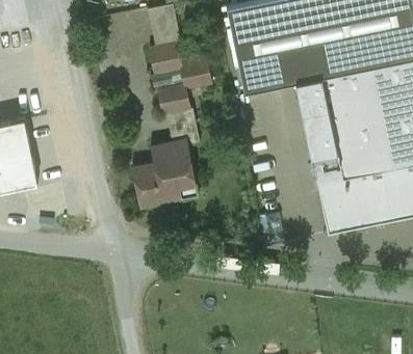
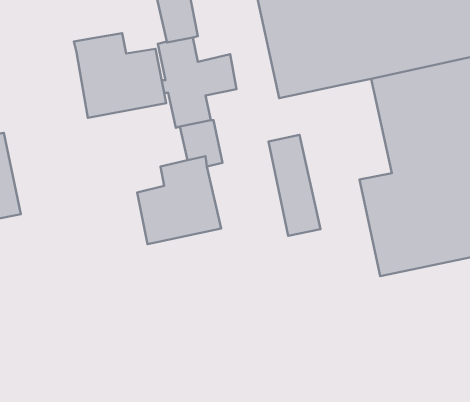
building: none -> [74,33,166,118]
building: [294,75,336,156] -> [269,135,320,236]

